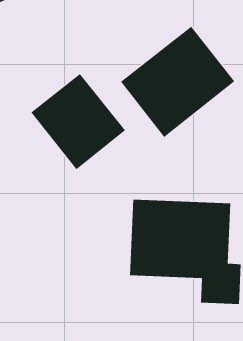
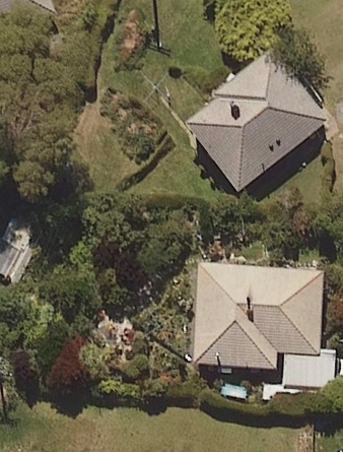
building: [31,73,126,170] -> none

